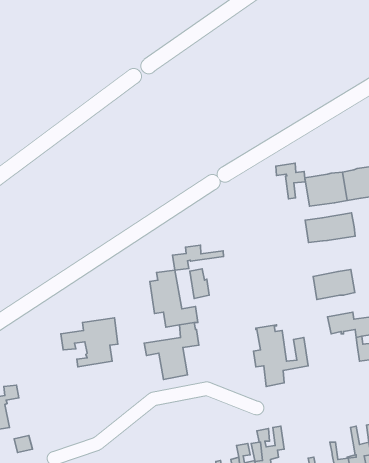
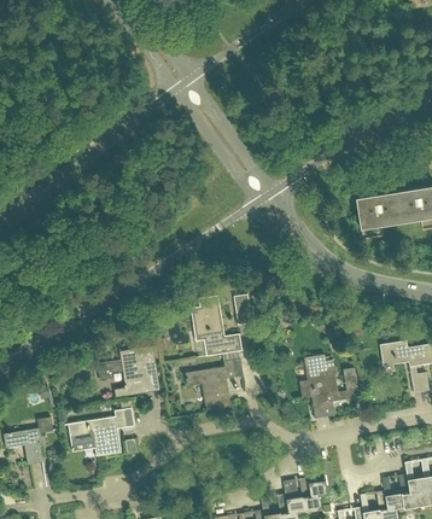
building: [276,163,305,199] -> none
building: [305,213,355,243] -> none
building: [172,245,224,270] -> none
building: [313,270,355,299] -> none
building: none -> [68,408,134,456]

